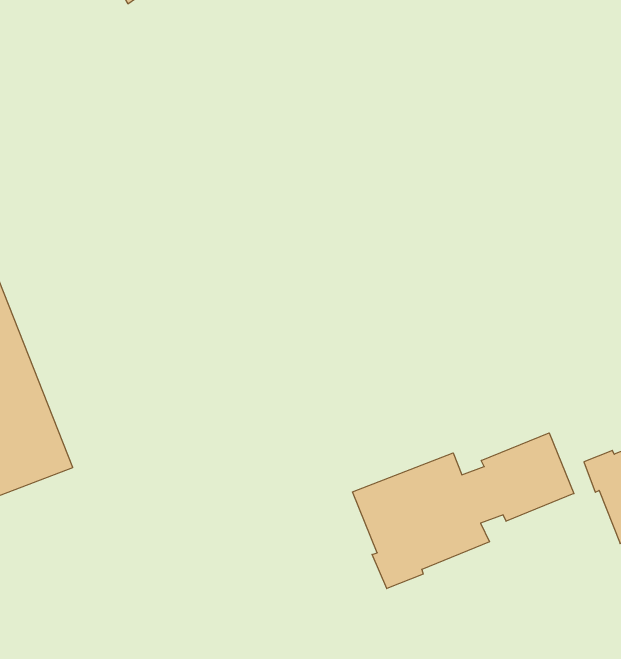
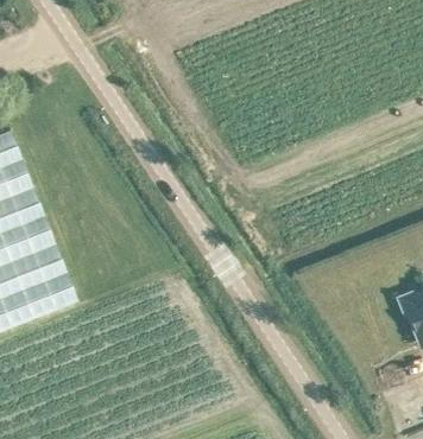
building: [352,433,574,589] -> none

